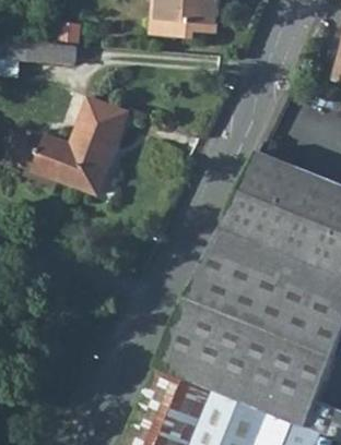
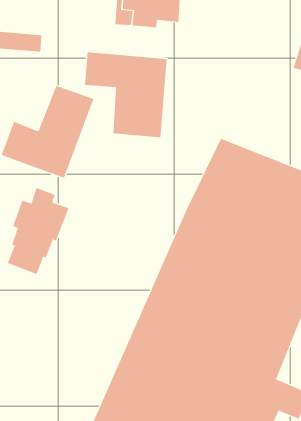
building: none -> [85,52,167,138]
building: none -> [7,187,69,275]

